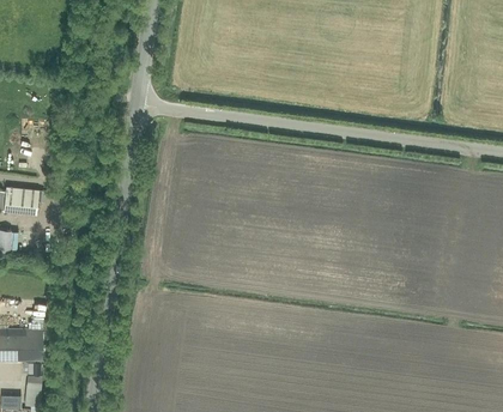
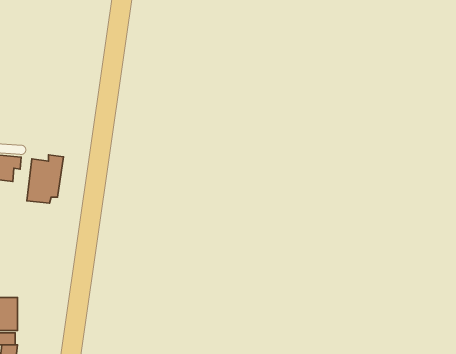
building: none -> [27,155,63,203]

